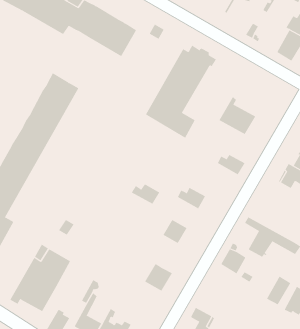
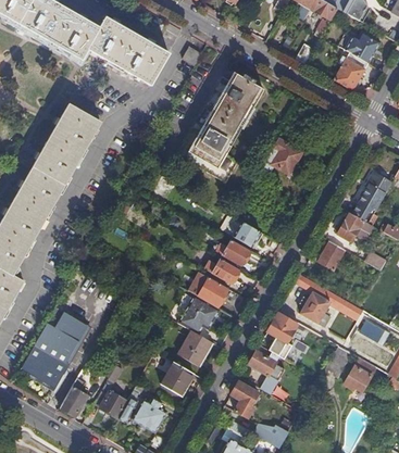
building: [217,154,245,175] -> [227,221,261,246]
building: [131,183,160,205] -> [204,257,239,282]
building: none -> [317,240,346,269]
building: none -> [178,293,221,335]
building: none -> [249,344,285,393]
building: none -> [157,360,192,394]

